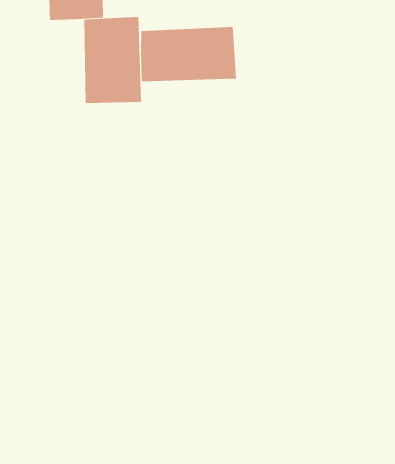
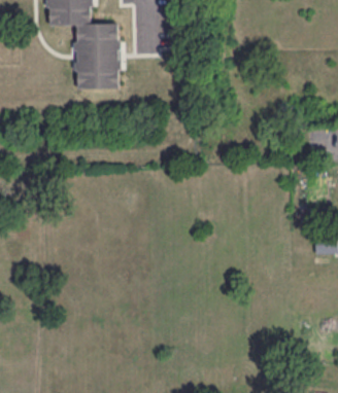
building: [141,26,237,82] -> none

